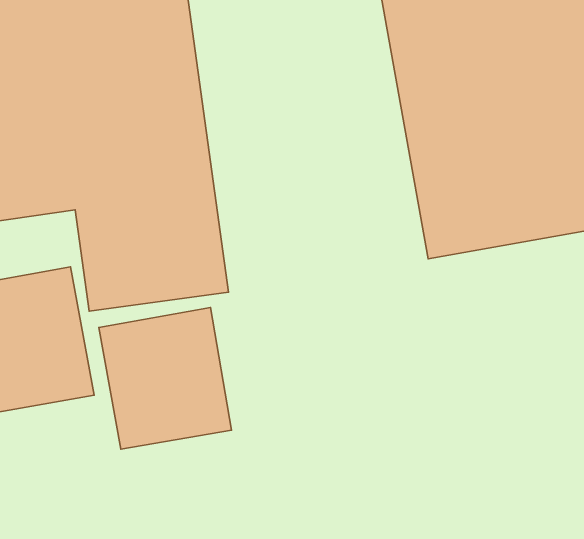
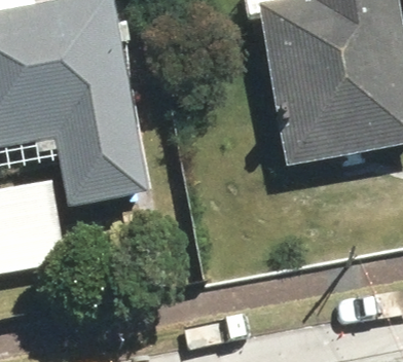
building: [99,308,231,449] -> none

